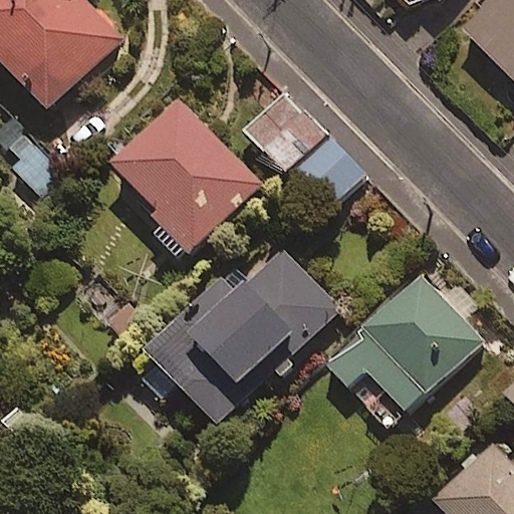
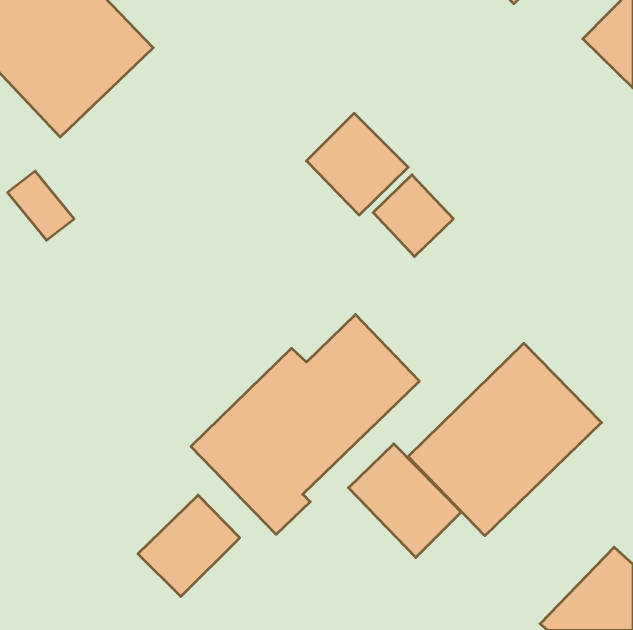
building: [114,99,262,264] -> none
building: none -> [348,444,461,558]
building: none -> [138,495,240,597]

